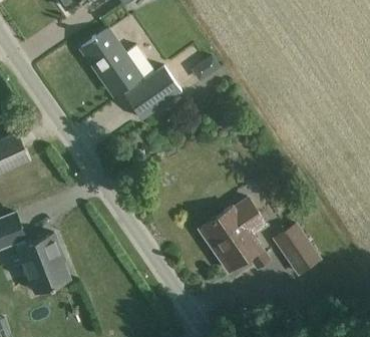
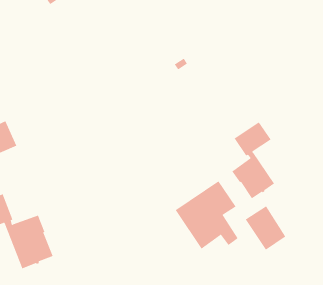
building: [79,28,180,119] -> none
building: none -> [232,121,275,199]

